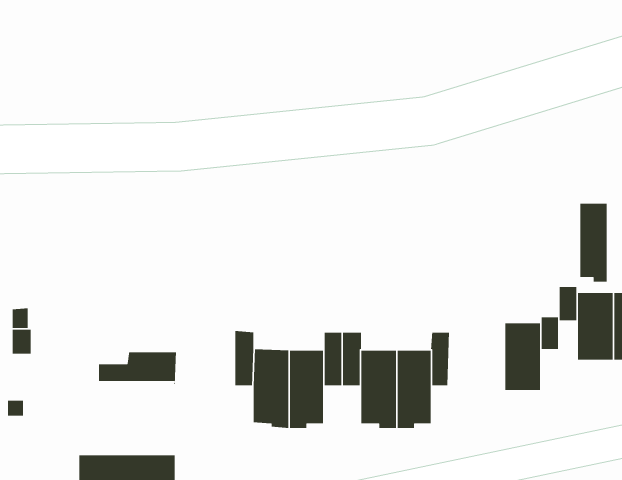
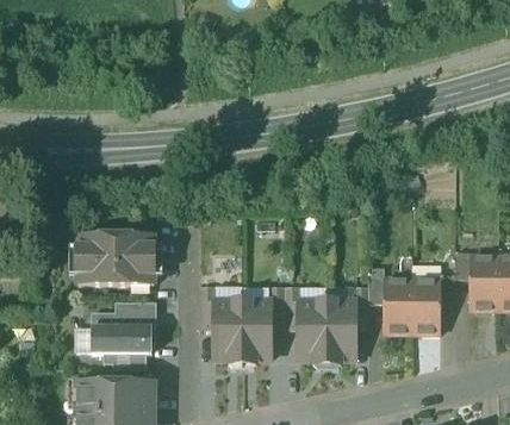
building: [579,203,608,282] -> none
building: none -> [79,237,155,283]
building: none -> [384,280,412,333]
building: none -> [93,326,153,368]

